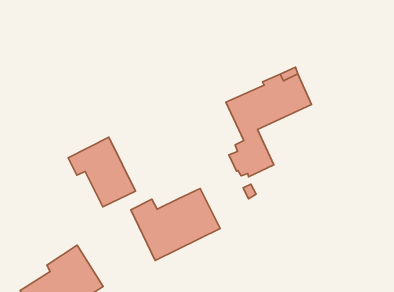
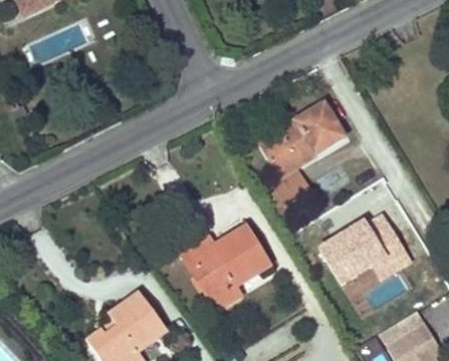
building: [68,137,136,207] -> none
building: none -> [317,216,413,288]

